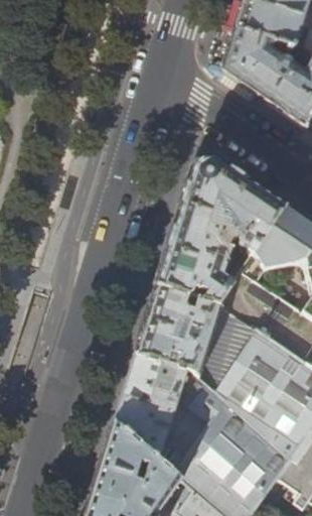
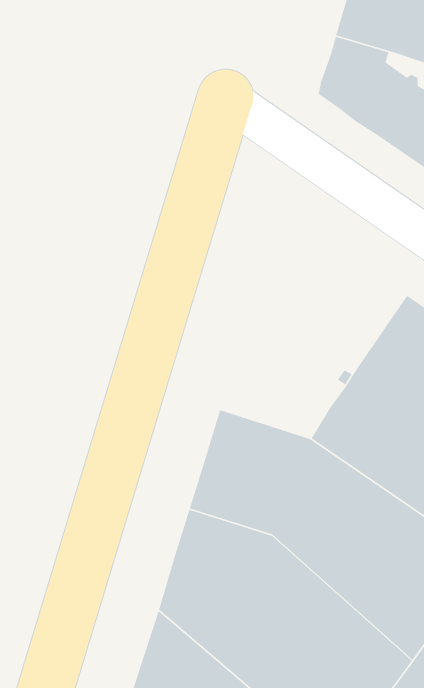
building: [159,159,288,307] -> none

